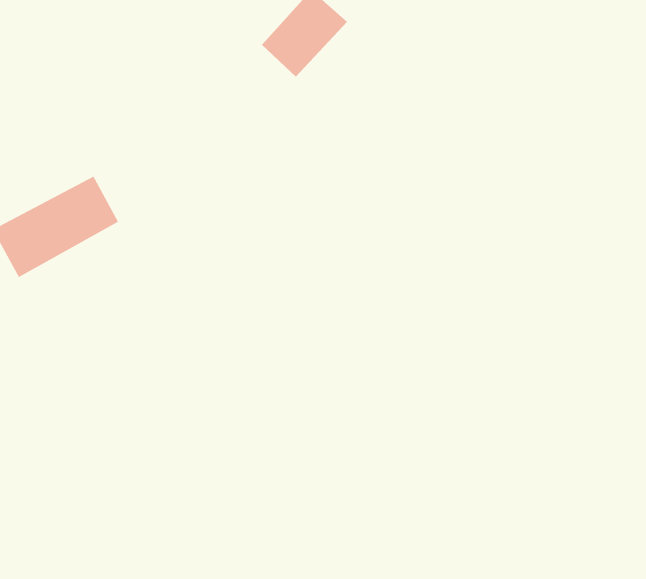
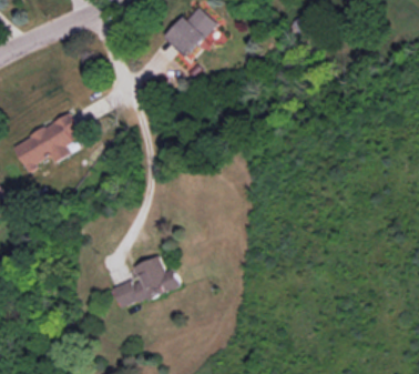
building: none -> [111,256,178,310]

